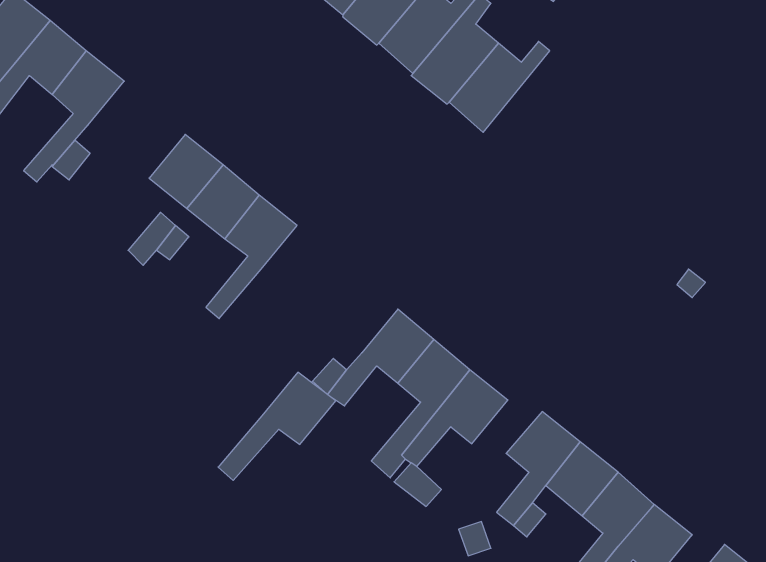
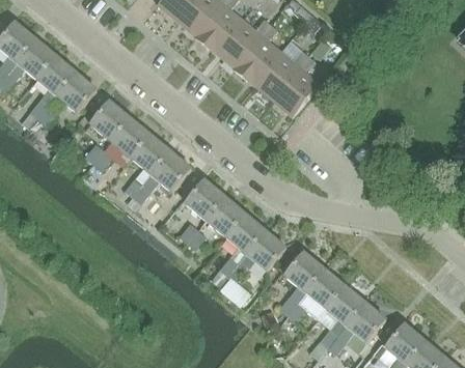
building: none -> [272,55,319,115]
building: none -> [56,72,97,112]
building: none -> [186,179,225,220]
building: [218,372,336,480] -> [127,150,191,209]

